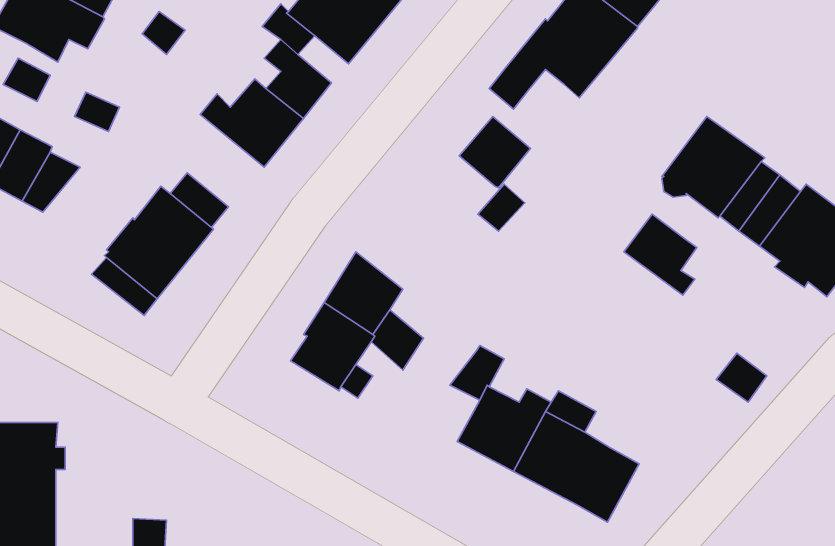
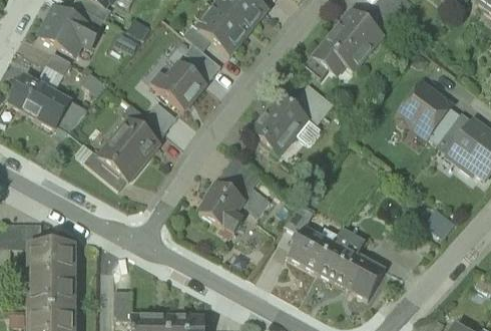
building: none -> [252,96,308,154]
building: [624,214,697,295] -> none

